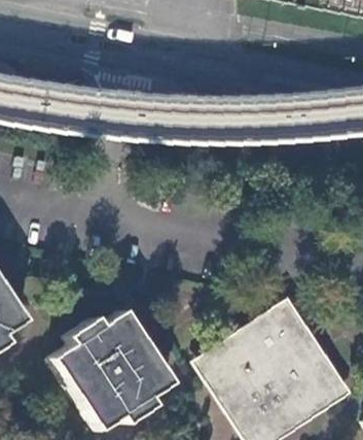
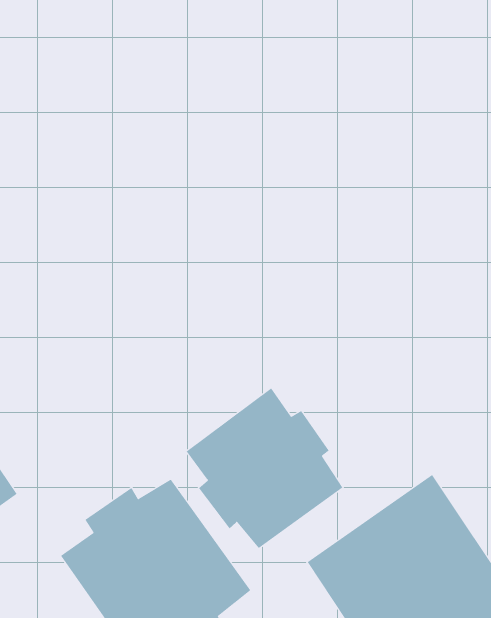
building: none -> [186,388,343,549]

